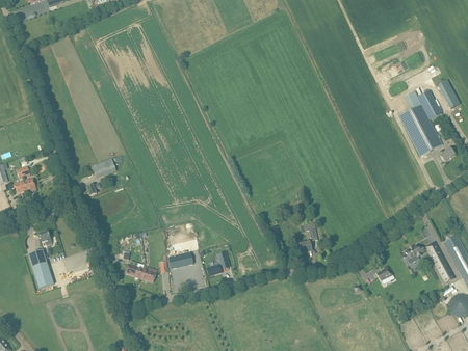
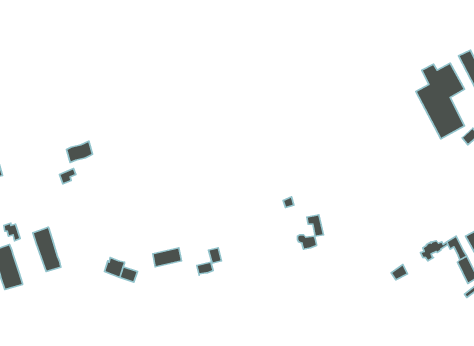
building: none -> [33,227,61,272]

